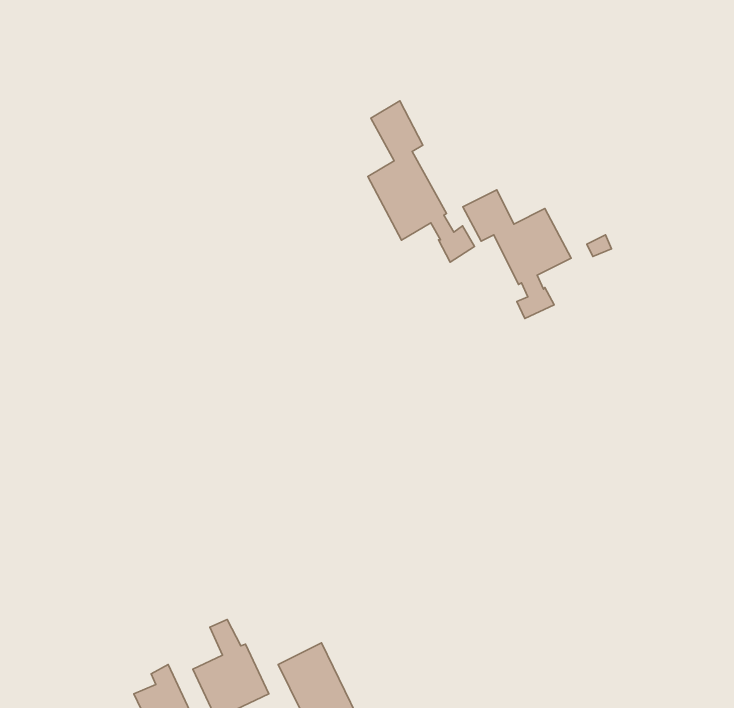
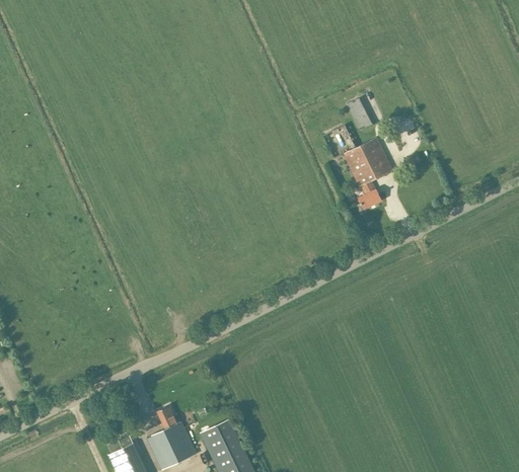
building: [368,101,475,262] -> none
building: none -> [347,97,375,130]

